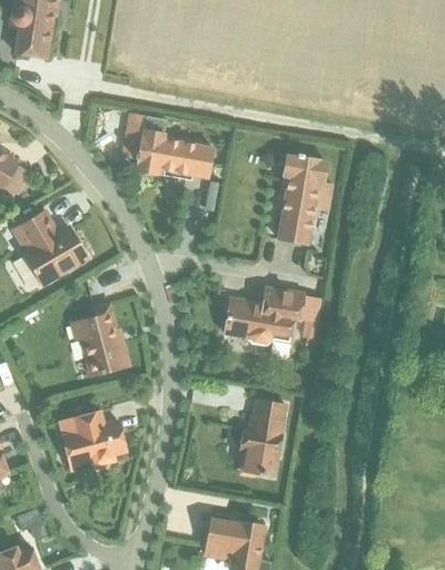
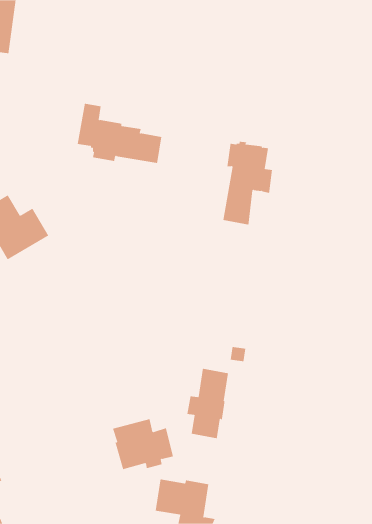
building: [224,287,320,360] -> none
building: [71,304,127,377] -> none
building: [59,411,126,466] -> [112,418,174,470]

